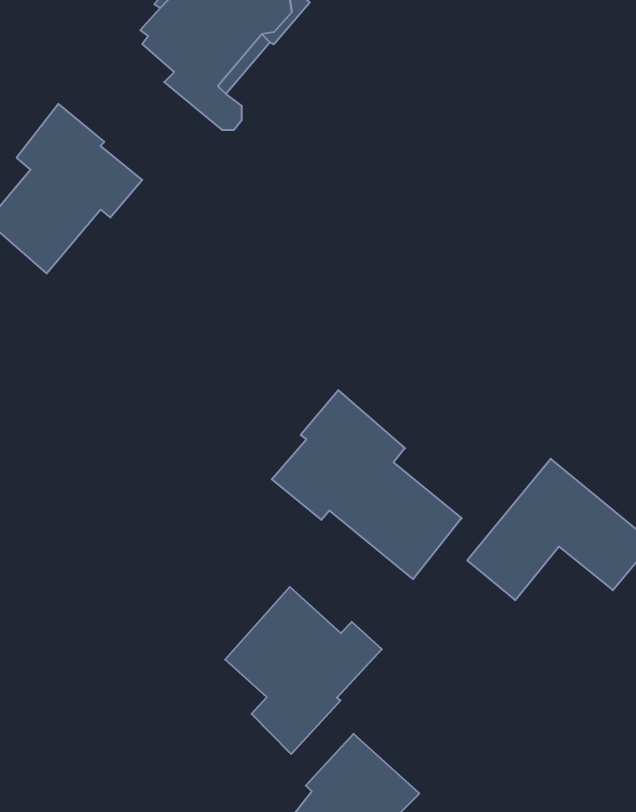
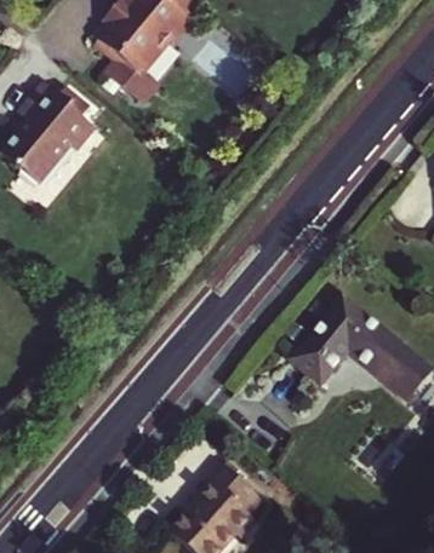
building: [272,390,462,579] -> none
building: [225,587,382,754] -> none

